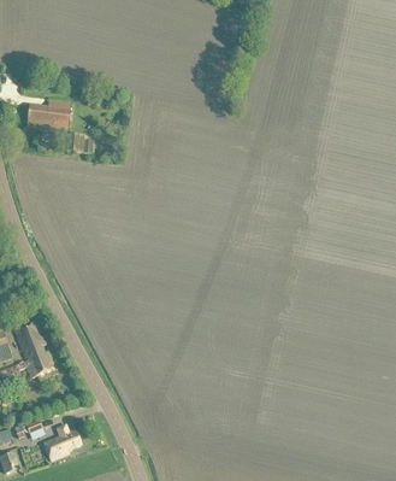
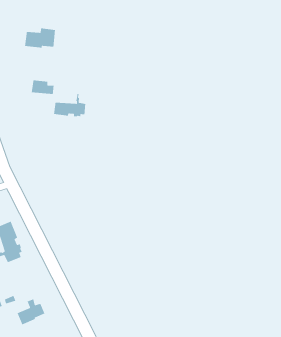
building: [28,101,70,129] -> [24,28,56,48]
building: none -> [53,93,86,117]

